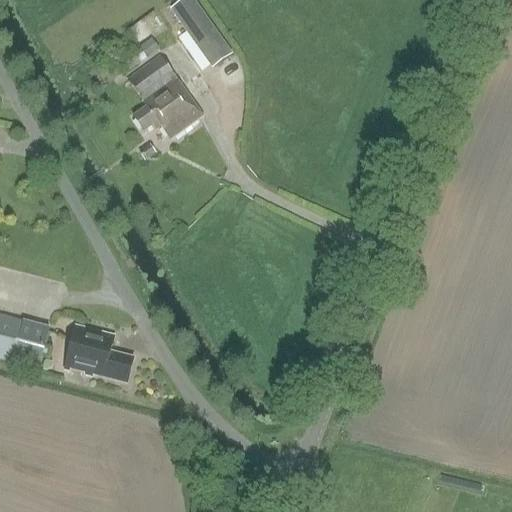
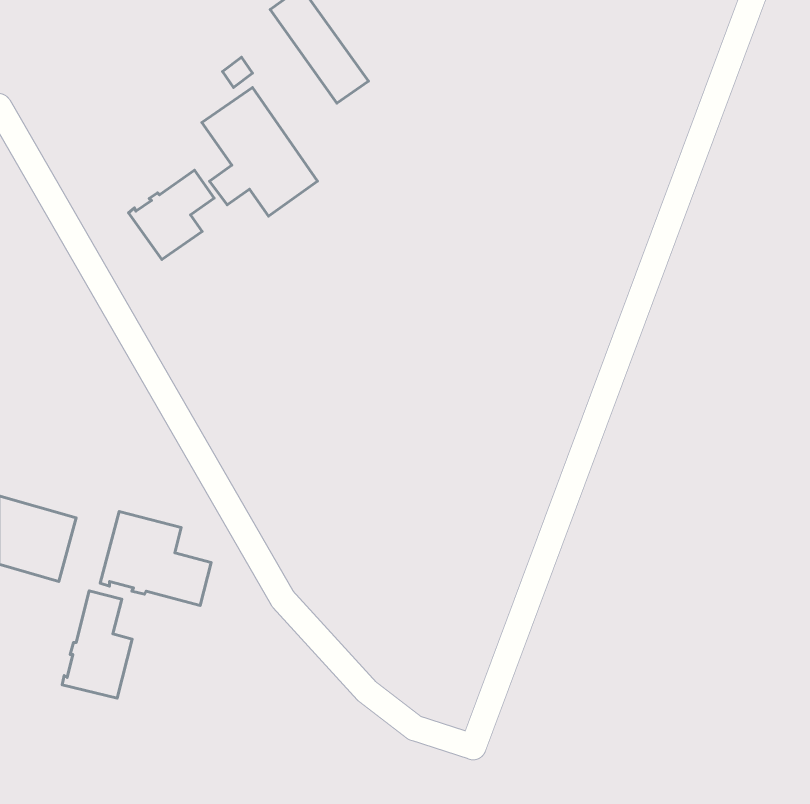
building: none -> [129,170,214,260]
building: none -> [62,591,132,698]

